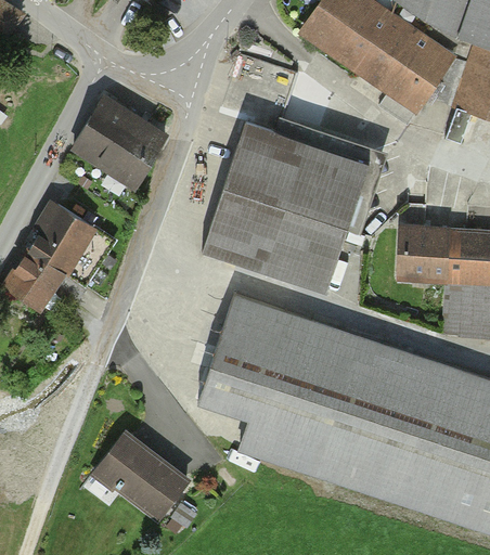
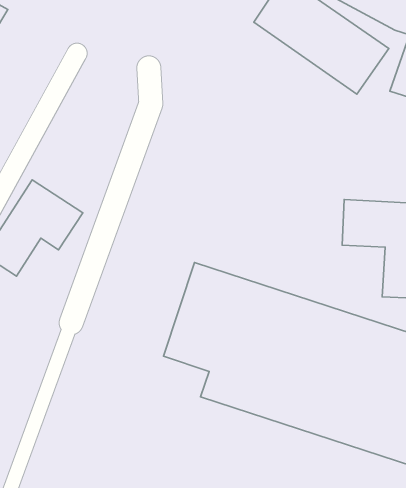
building: [74,96,166,189] -> none
building: [206,124,366,285] -> none
building: [98,434,184,517] -> none

